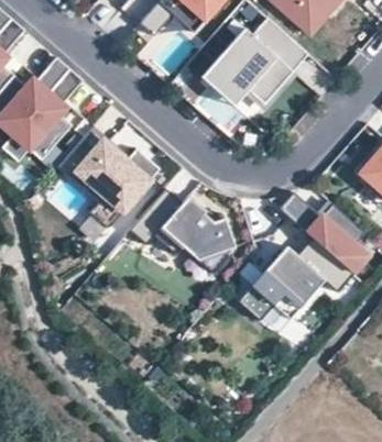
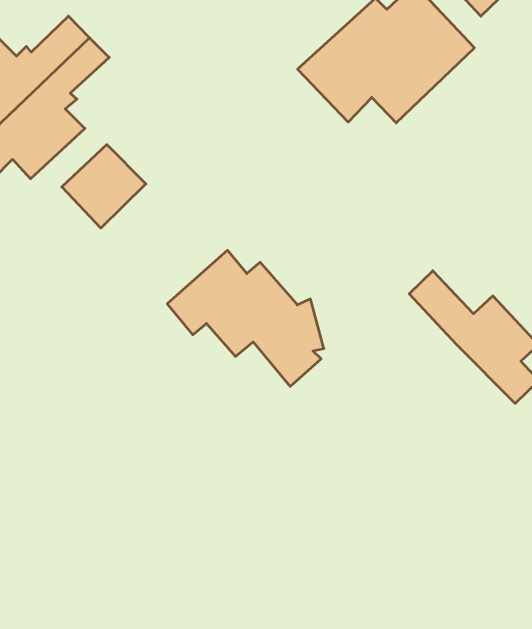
building: [87,154,155,229] -> none
building: [240,237,352,321] -> none

